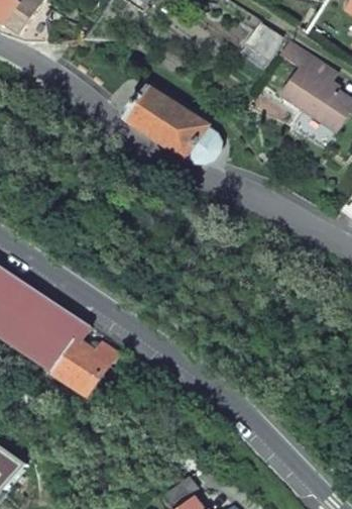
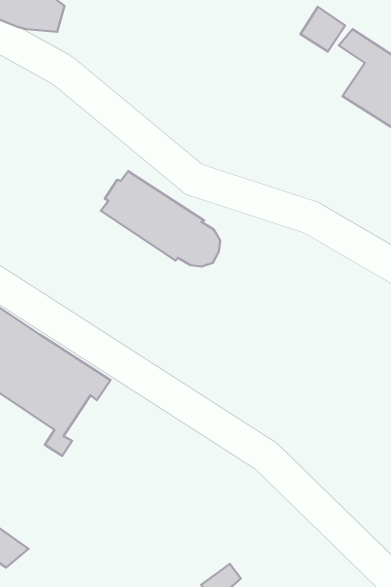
building: [122,85,219,163] -> [101,171,220,267]
building: [52,338,116,396] -> none

